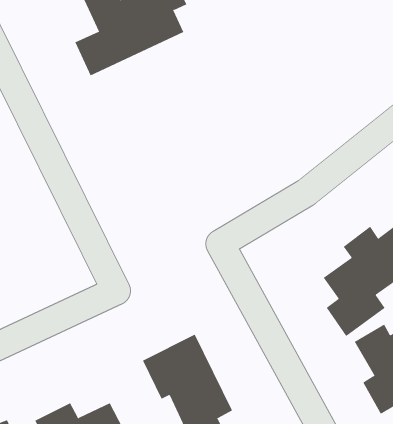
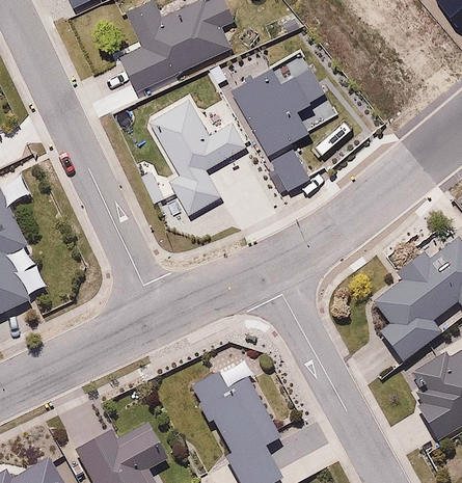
building: none -> [232,63,328,188]
building: none -> [152,97,249,212]

